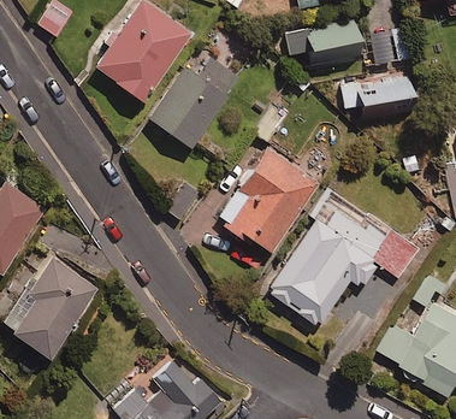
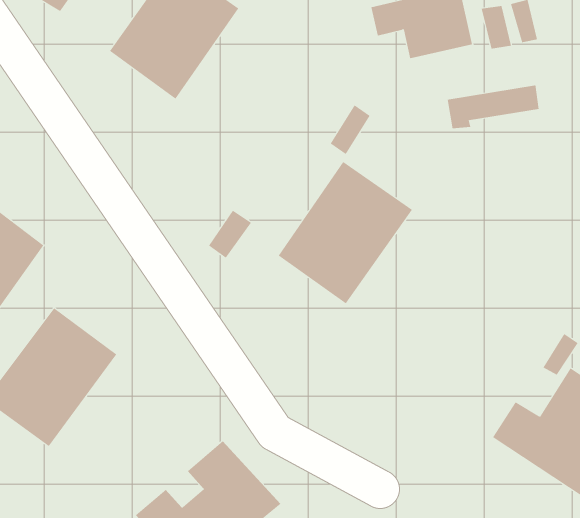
building: [149,58,239,147] -> none
building: [268,189,419,325] -> none

